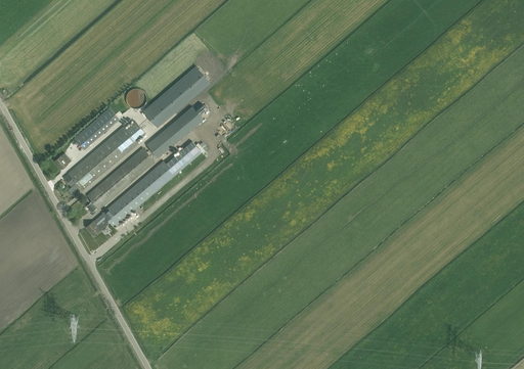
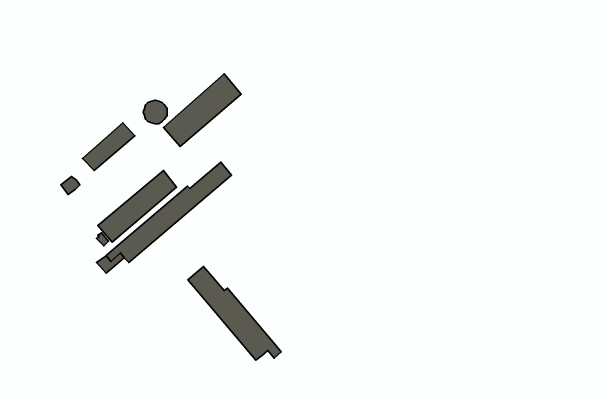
building: [145,104,206,157] -> none
building: [63,121,144,191] -> none
building: none -> [188,266,281,360]

